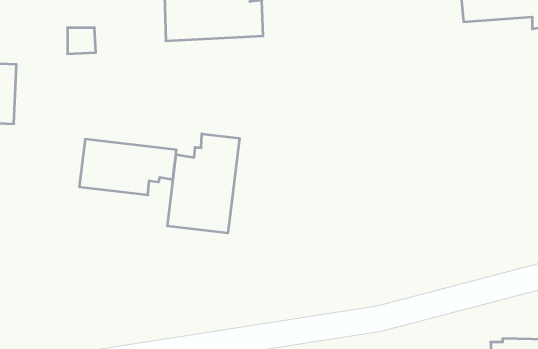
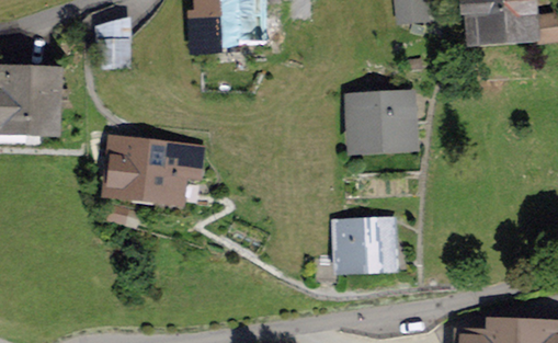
building: none -> [349,93,409,146]
building: [168,134,239,233] -> none
building: none -> [339,224,391,265]

